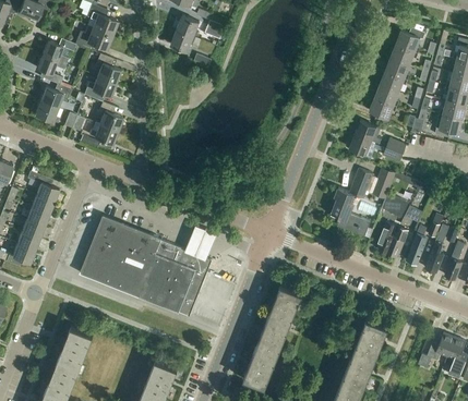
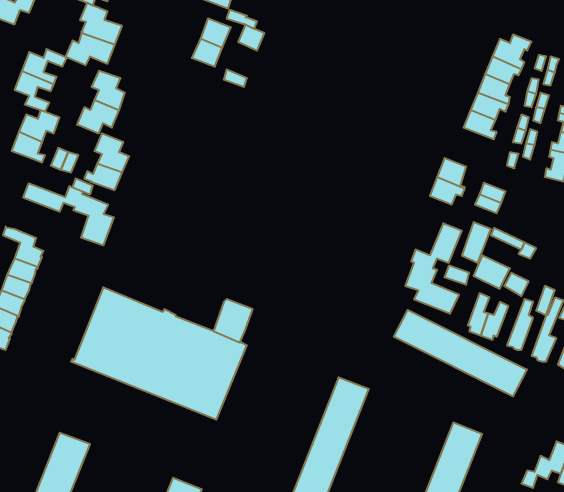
building: [368,98,396,126] -> none
building: none -> [23,183,114,245]
building: none -> [394,310,527,396]

